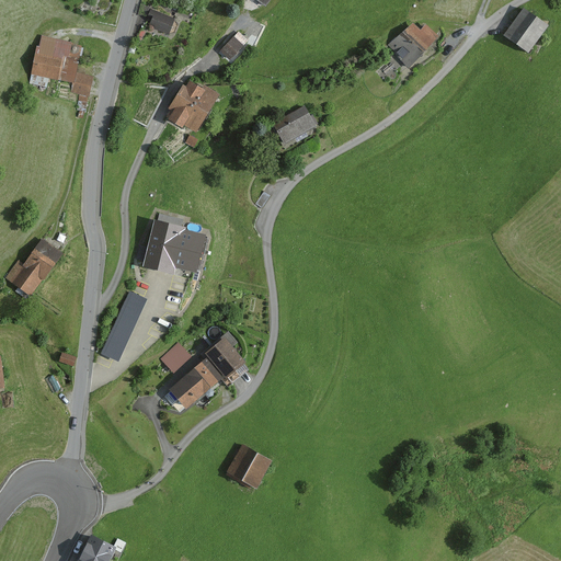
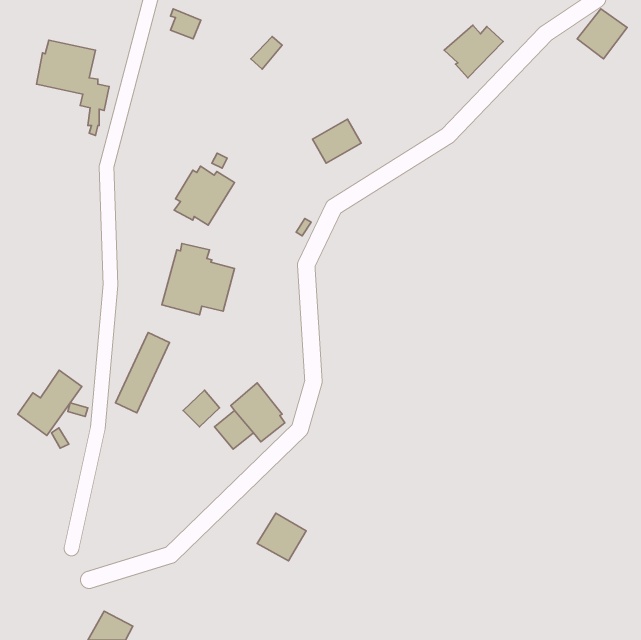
building: [167,80,219,131] -> [174,166,234,225]
building: [5,239,61,296] -> [18,370,82,436]
building: [164,373,204,408] -> none

